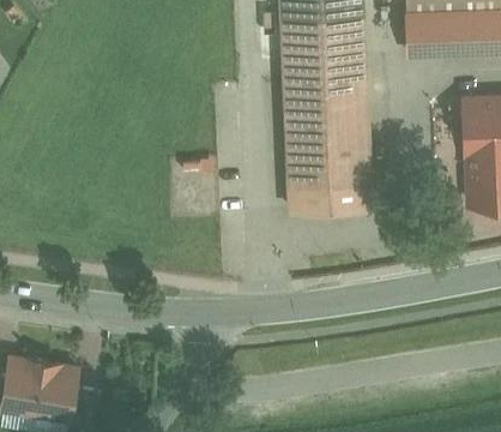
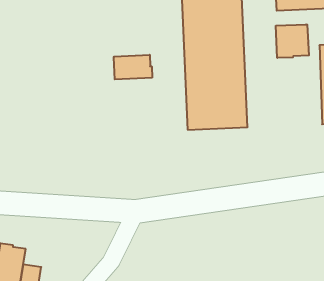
building: none -> [276,24,309,58]
building: none -> [114,55,152,79]

